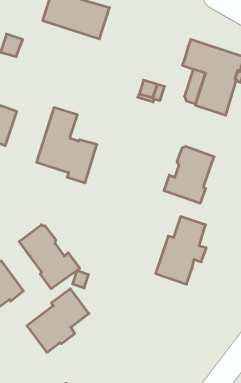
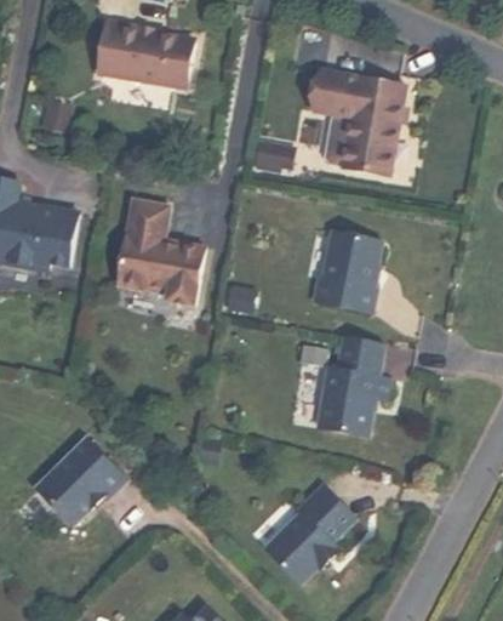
building: [19,225,80,289] -> none
building: [27,289,89,352] -> [265,483,355,582]

